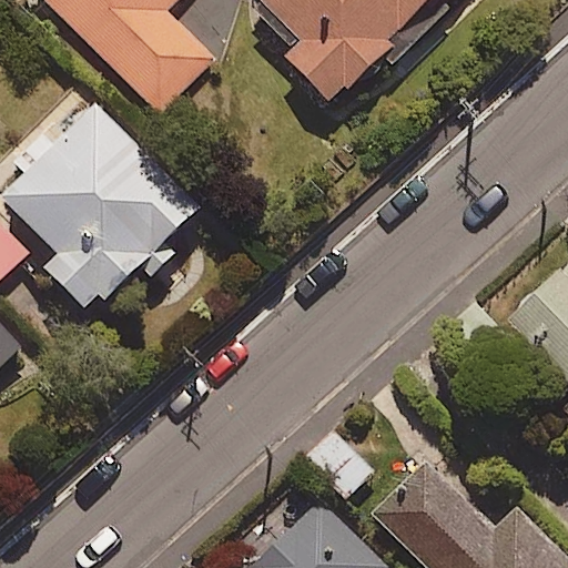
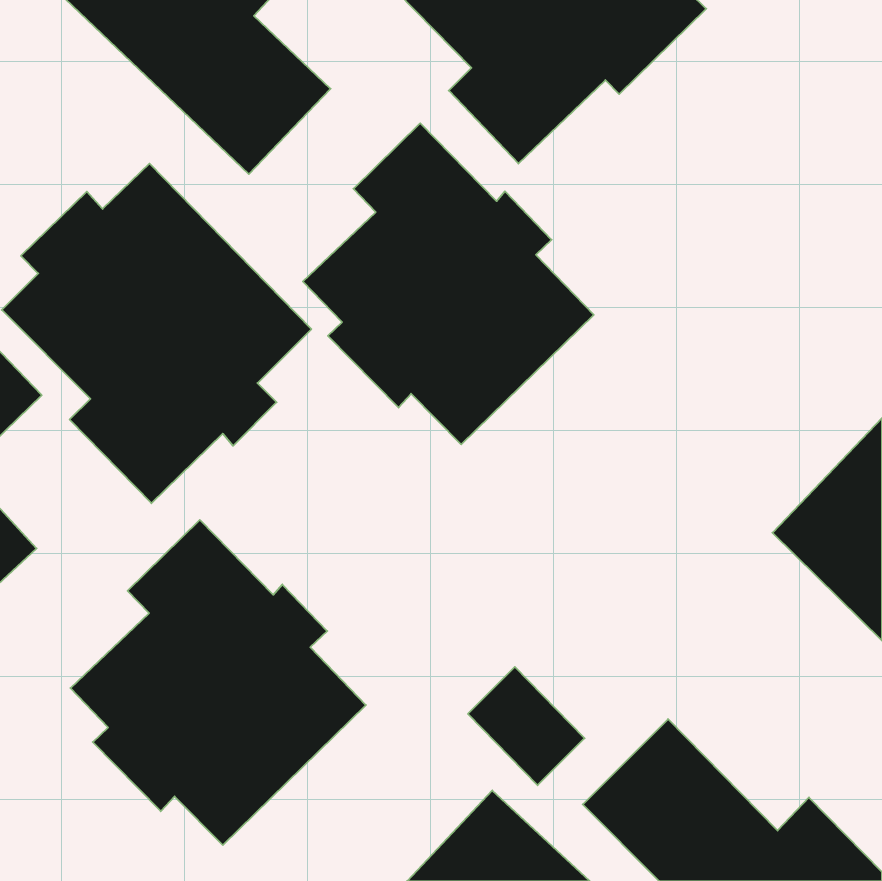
building: none -> [303,123,594,444]
building: none -> [70,520,366,845]

